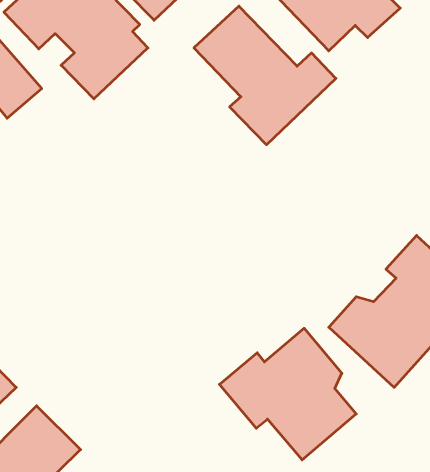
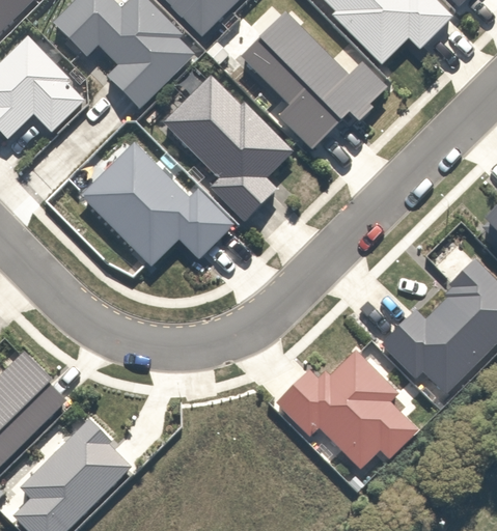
building: none -> [166,77,291,220]
building: none -> [85,148,230,263]

